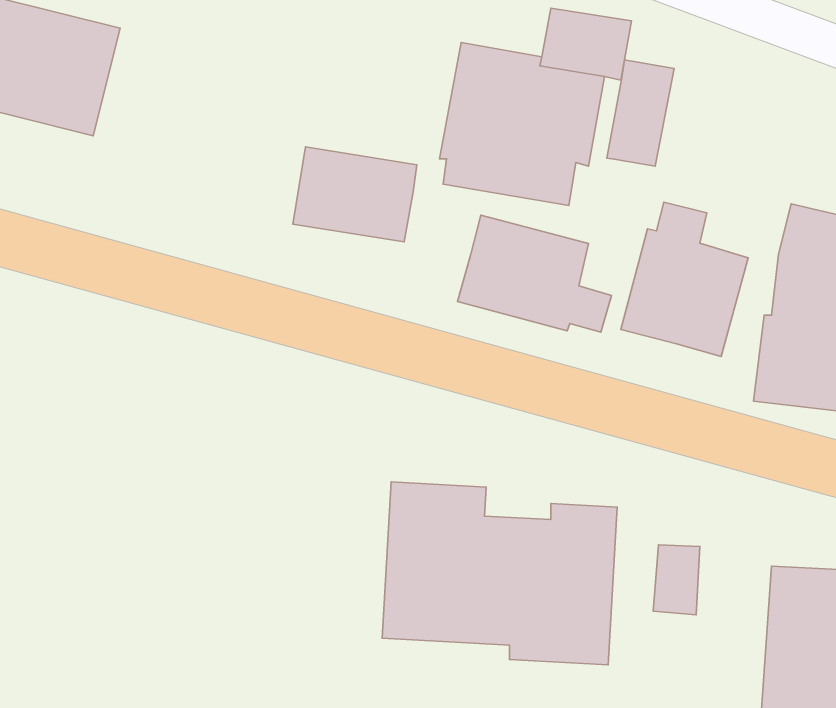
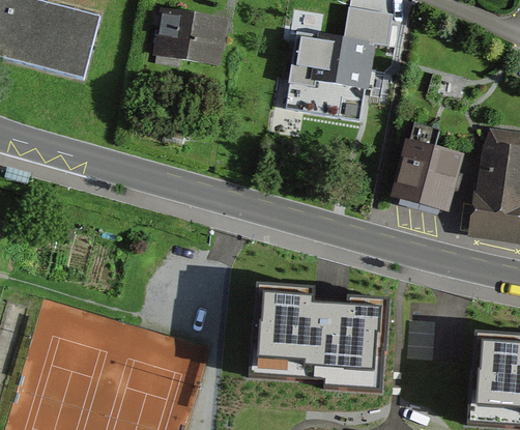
building: [607,60,674,166] -> none
building: [293,147,417,242] -> [155,11,227,66]
building: [458,215,611,332] -> none

